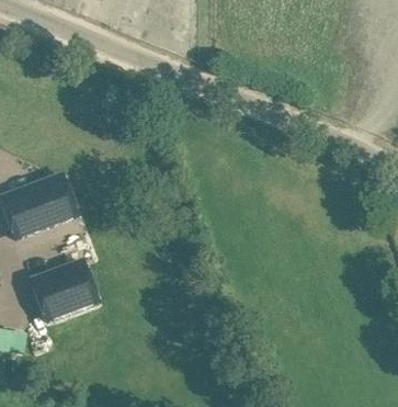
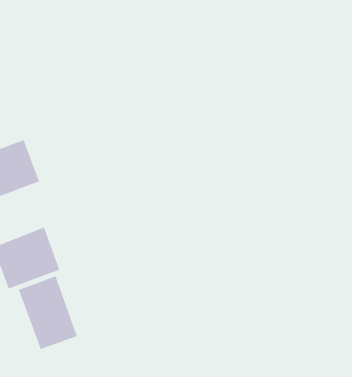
building: none -> [18,275,77,350]

